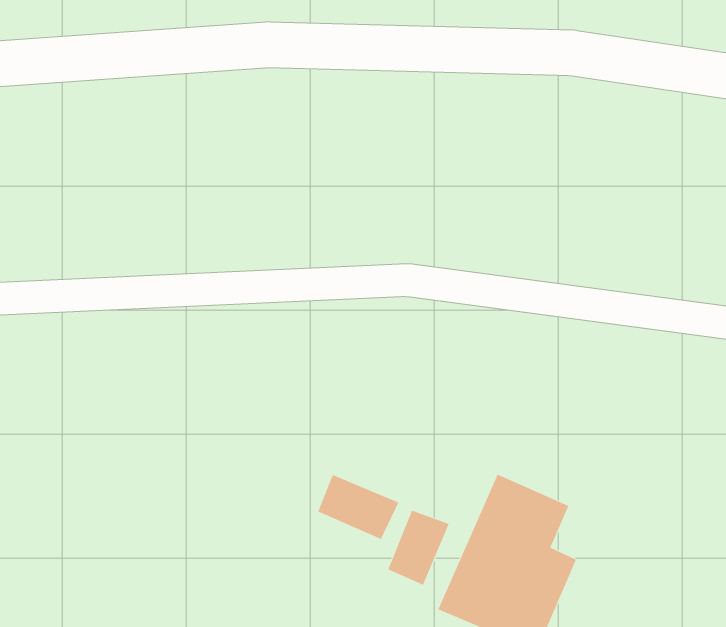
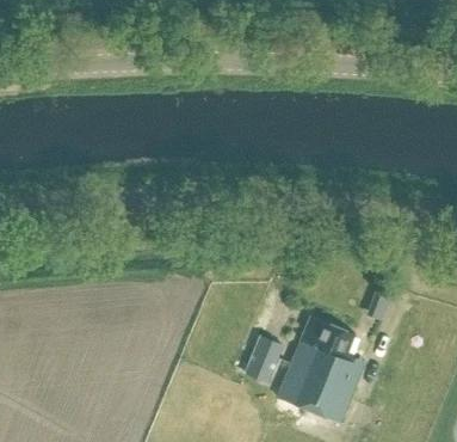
building: [317,474,399,540] -> none

